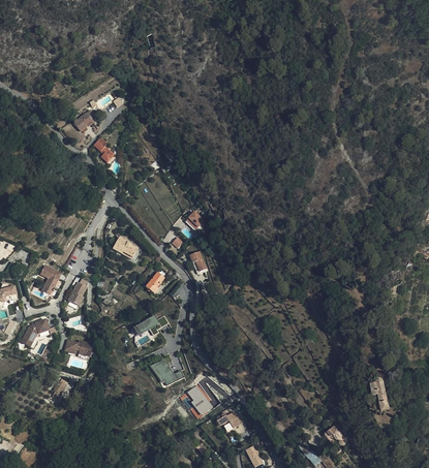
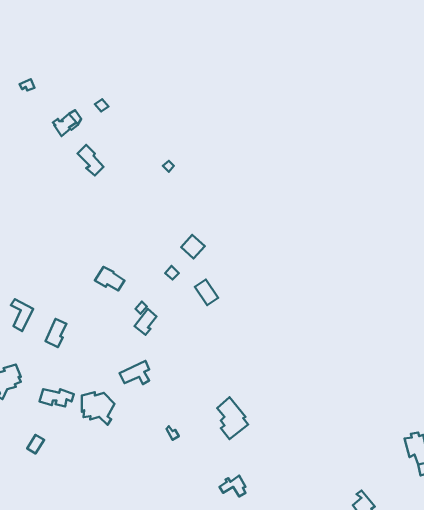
building: none -> [82,392,115,425]
building: [186,383,212,418] -> [217,397,248,439]

